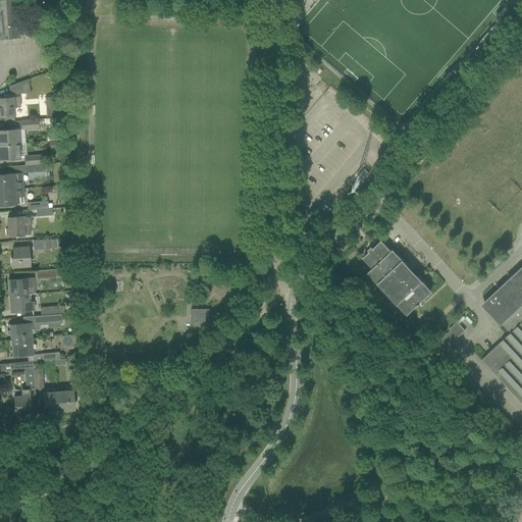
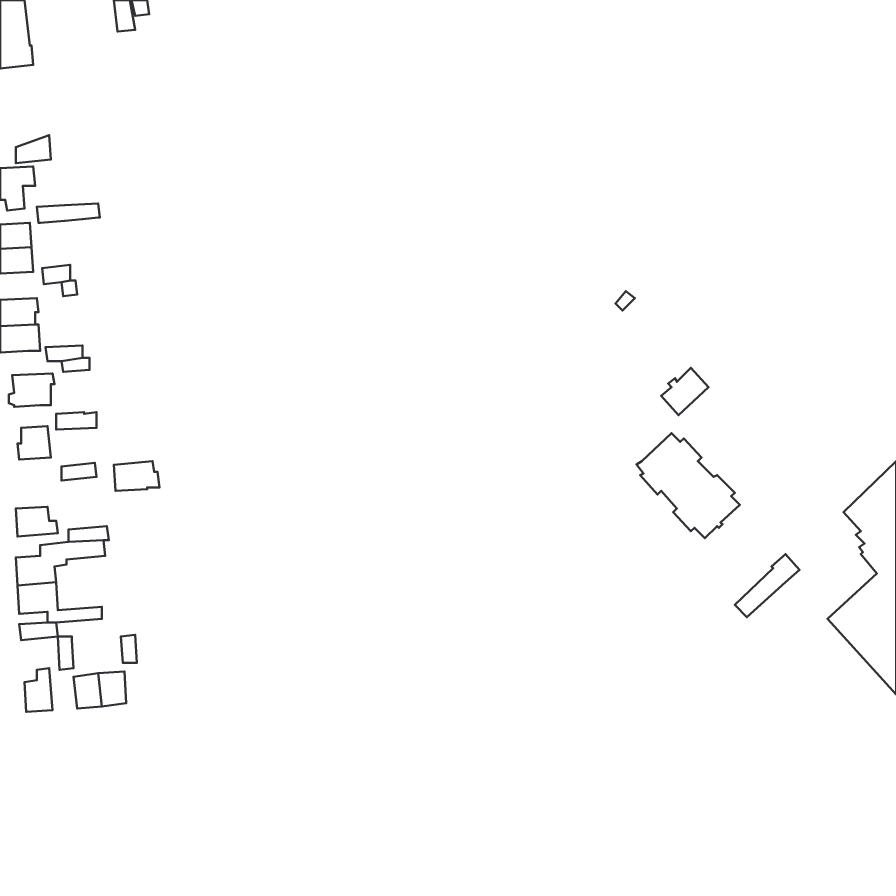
building: [363,241,390,268] -> [661,368,708,415]
building: [8,278,35,296] -> [114,461,159,491]
building: [191,309,209,332] -> none

